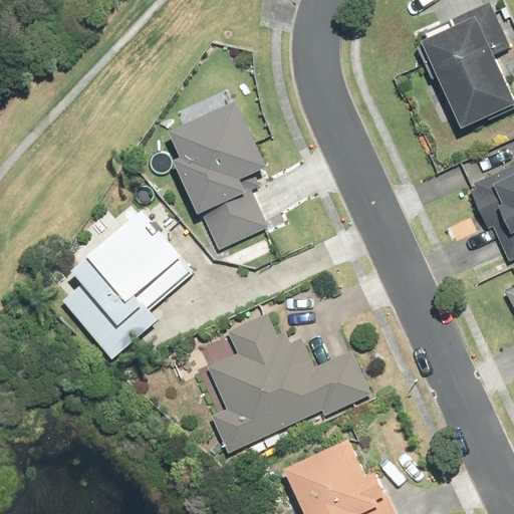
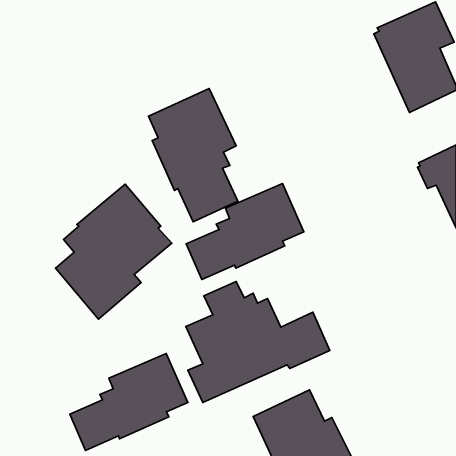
building: none -> [186,183,304,279]
building: none -> [70,354,188,450]

